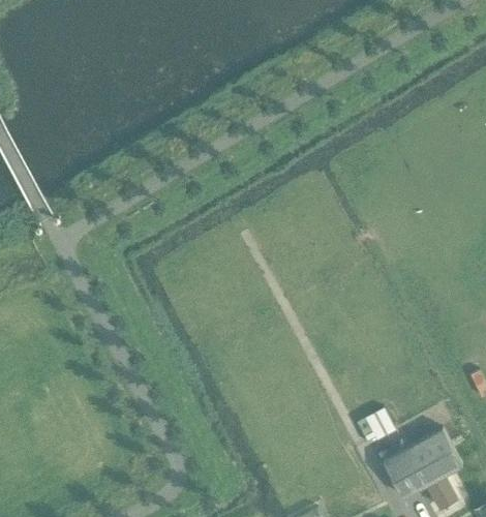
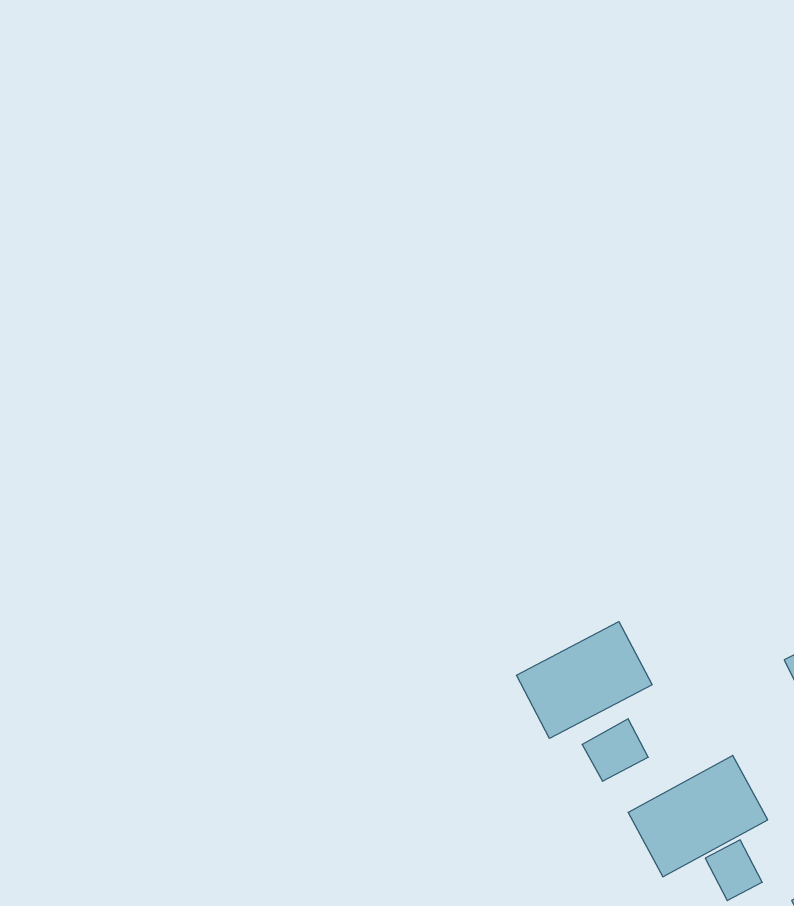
building: none -> [516,622,652,738]

